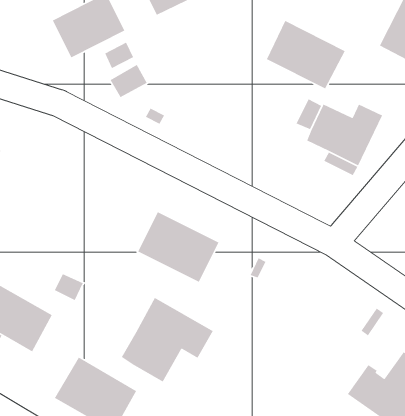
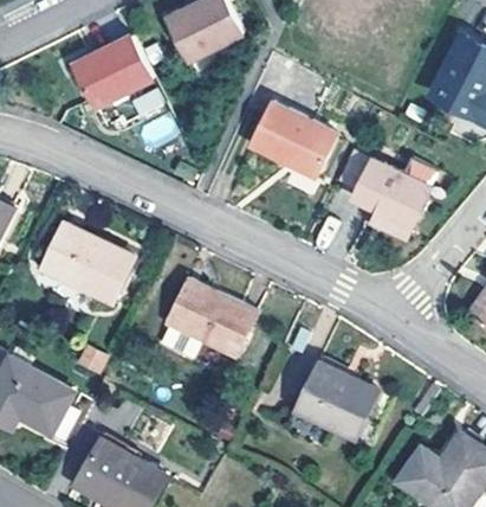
building: [266,20,346,89] -> [248,101,337,178]
building: none -> [41,223,132,301]
building: none -> [294,362,377,439]
building: [121,297,214,383] -> none

